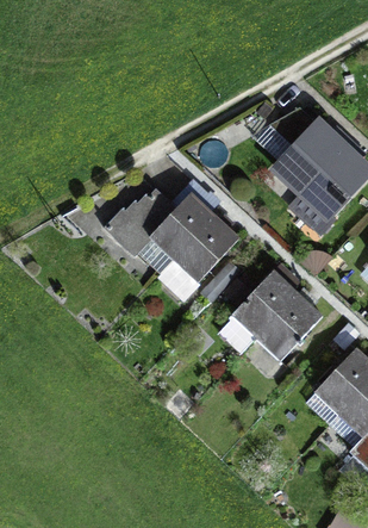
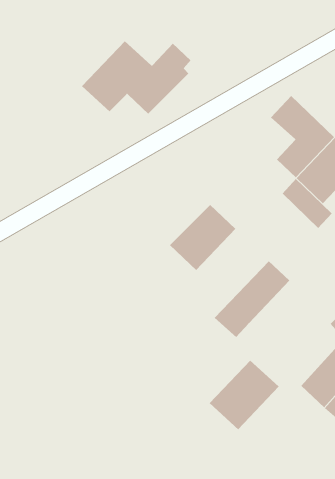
building: [105,182,217,257] -> [81,41,192,114]
building: [254,293,325,365] -> [209,360,279,430]

